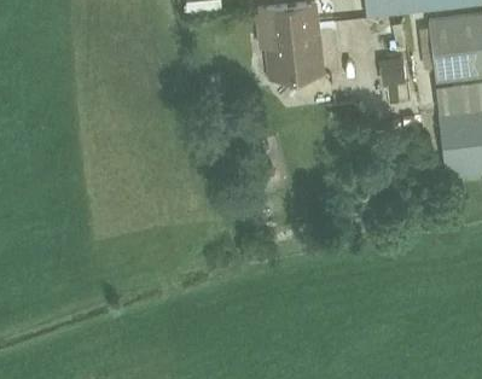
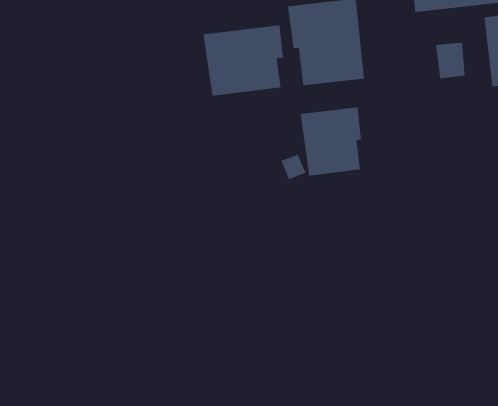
building: none -> [202,25,284,97]
building: none -> [300,106,362,177]

